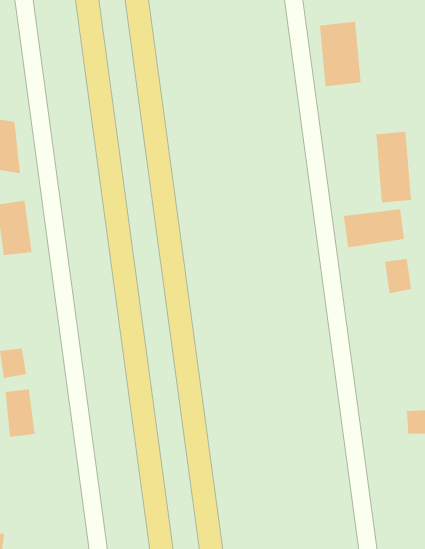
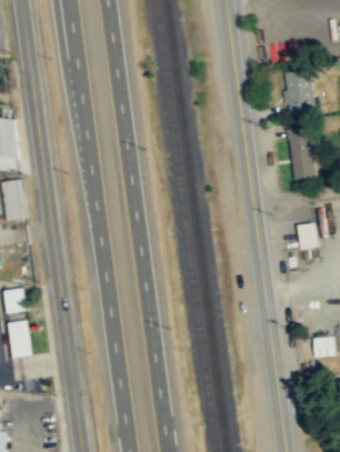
building: [319,21,362,87] -> [281,66,313,115]
building: [343,209,404,248] -> none

